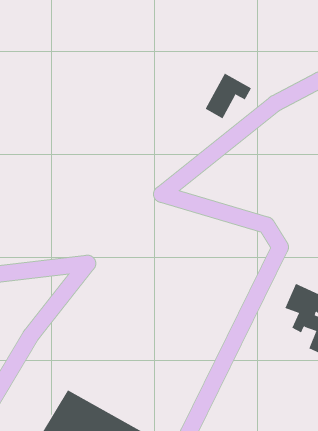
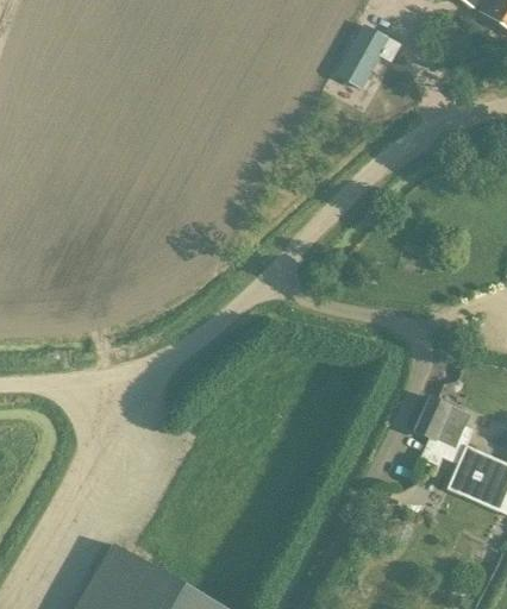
building: [205,73,252,119] -> [338,25,403,89]

